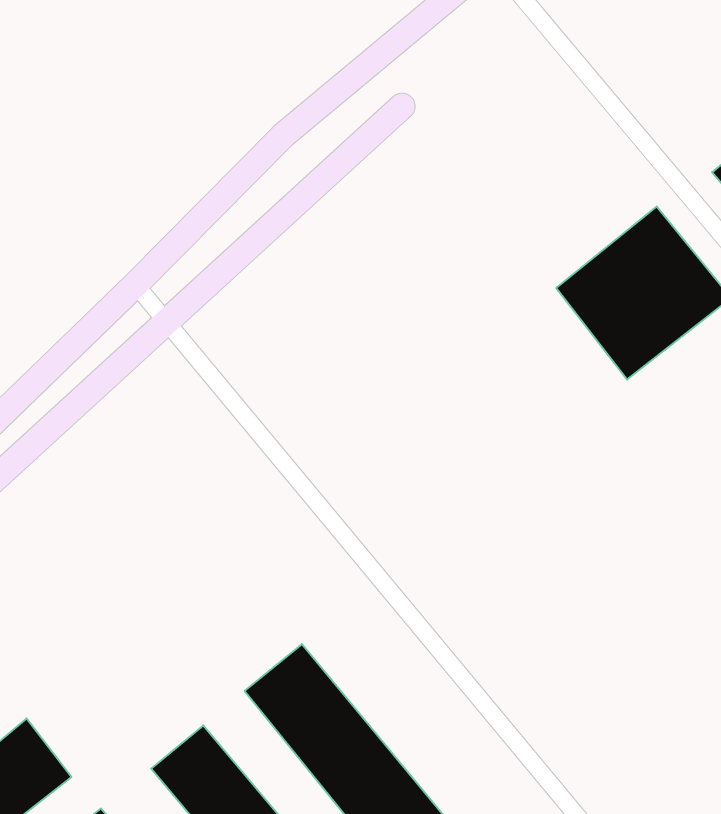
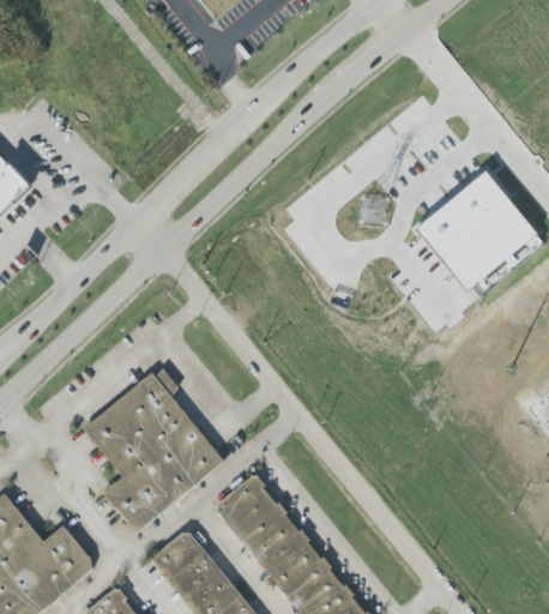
building: none -> [79,373,221,534]

